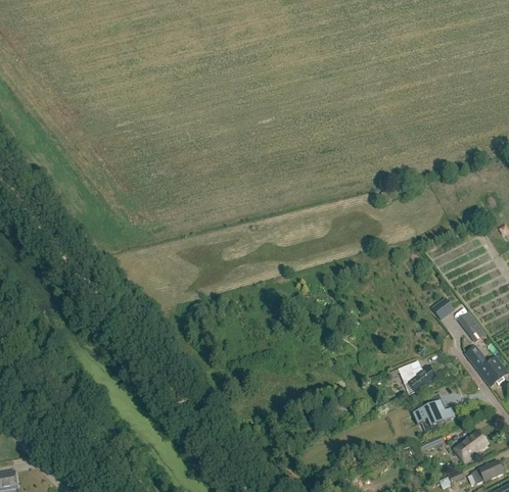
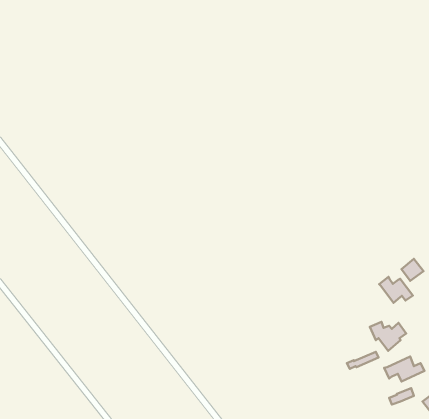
building: none -> [379,277,413,303]

